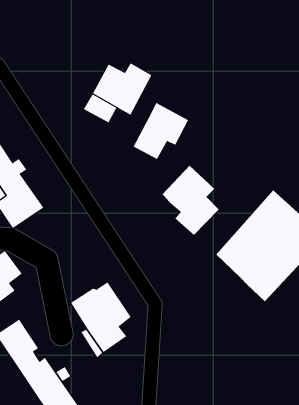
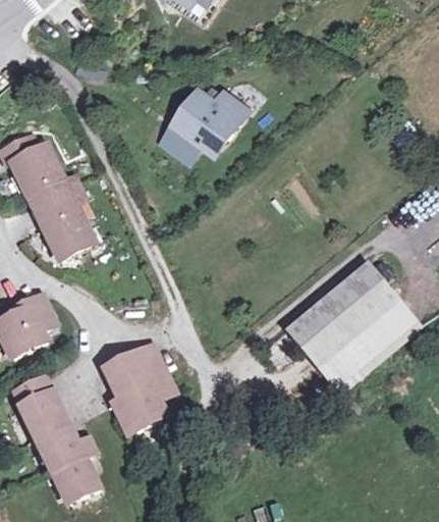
building: [133,102,189,160] -> none
building: [162,165,220,236] -> none

